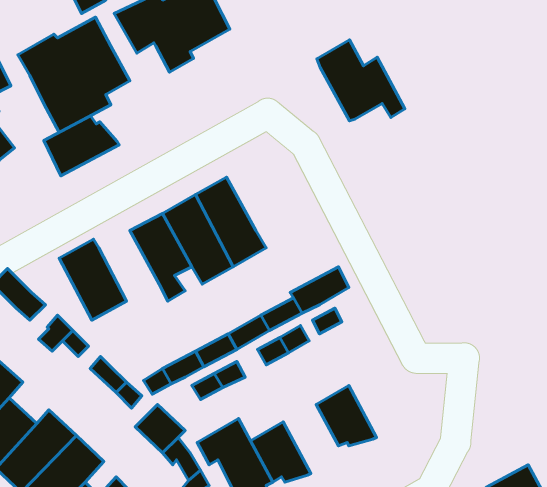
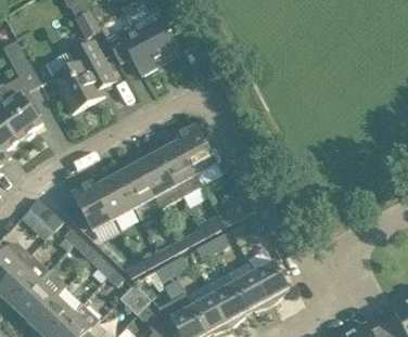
building: [317,40,405,121] -> [174,124,229,174]
building: [44,116,119,176] -> none
building: none -> [95,174,133,219]
building: none -> [253,260,289,304]
building: none -> [212,284,246,327]

